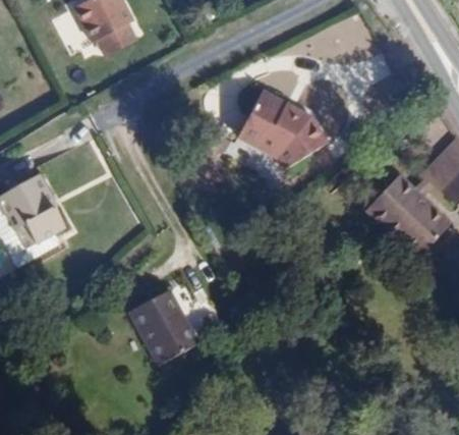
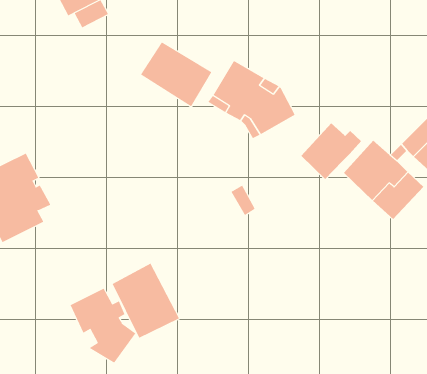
building: none -> [140,41,212,107]
building: none -> [301,122,362,180]
building: none -> [70,288,136,363]

